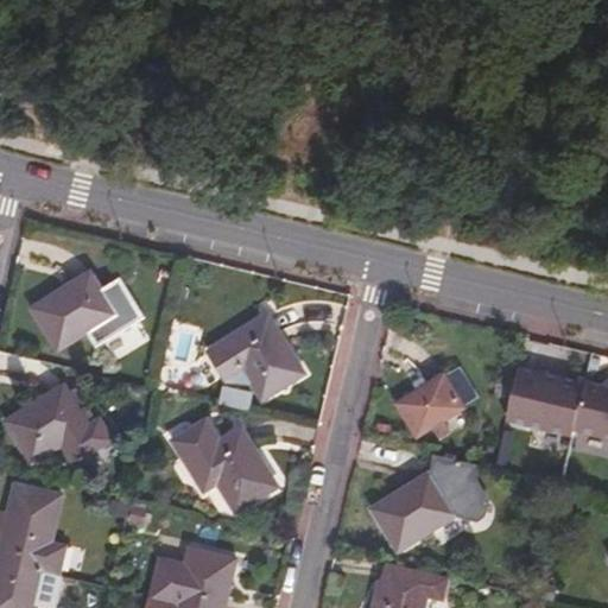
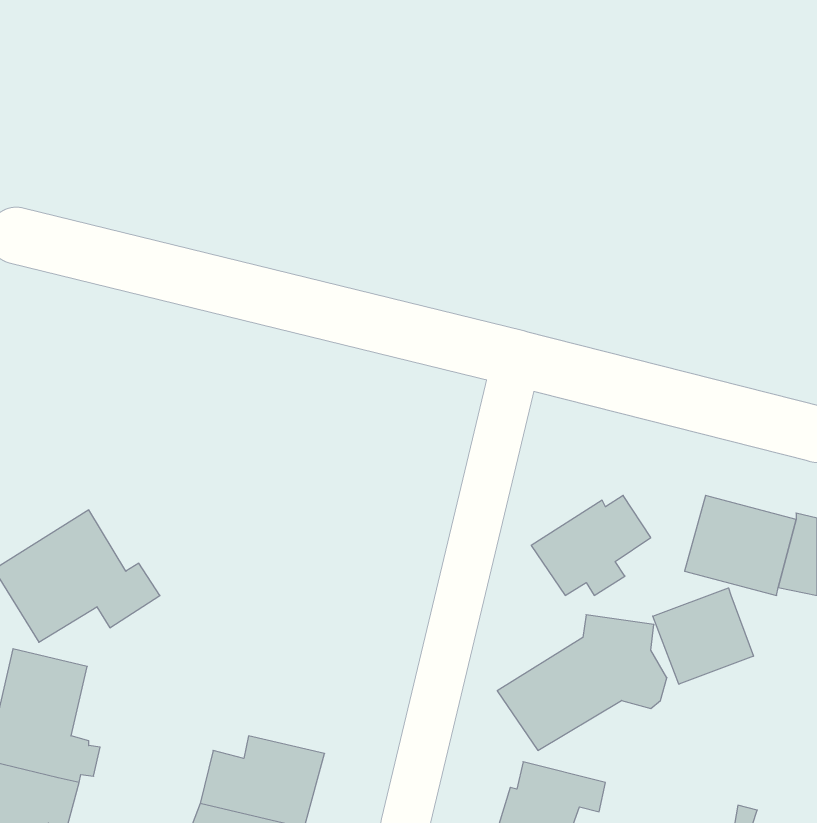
building: [26,270,145,354] -> none
building: [200,310,310,403] -> none
building: [167,414,283,518] -> none
building: none -> [653,588,753,684]

